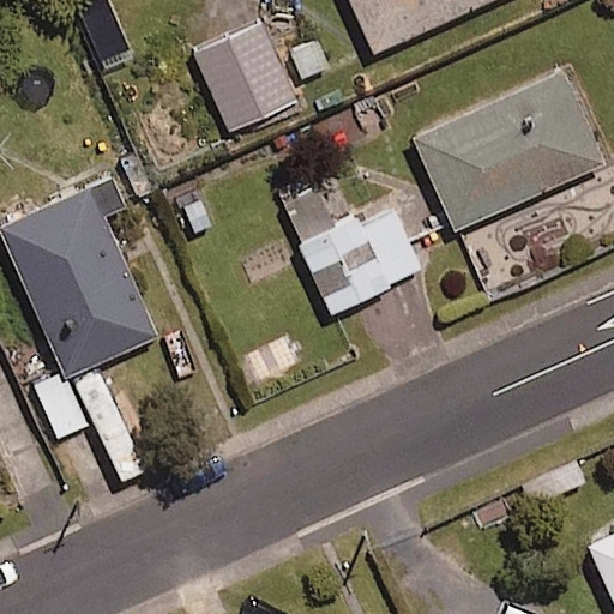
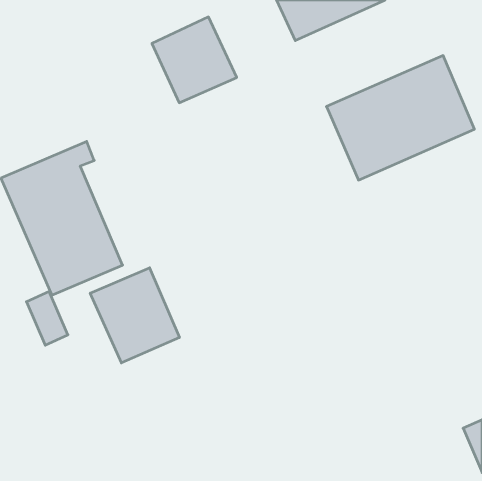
building: [275,176,422,313] -> none
building: none -> [90,268,179,363]

